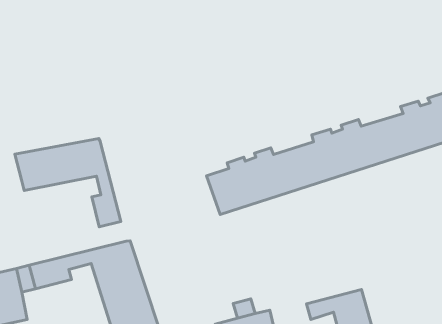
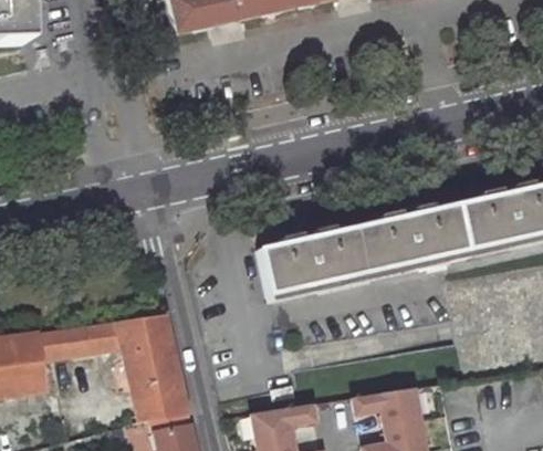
building: [15,139,121,227] -> none

